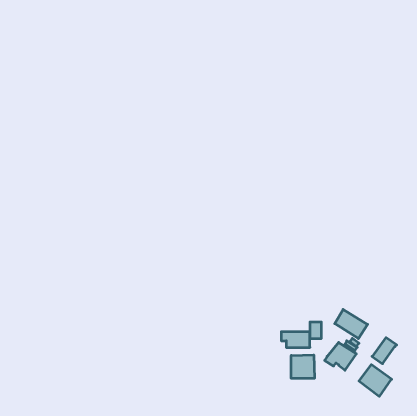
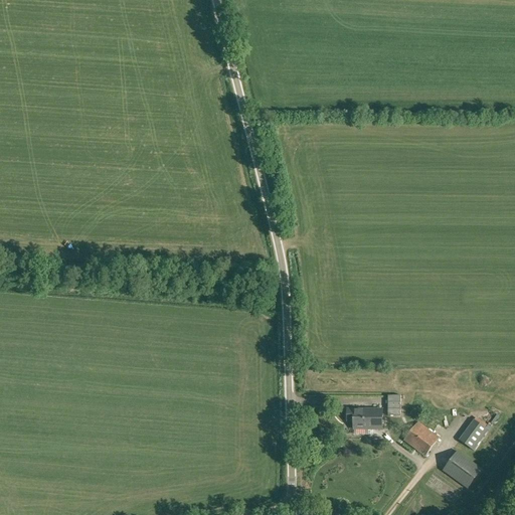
building: [335,309,368,339] -> none
building: [291,355,314,378] -> none

